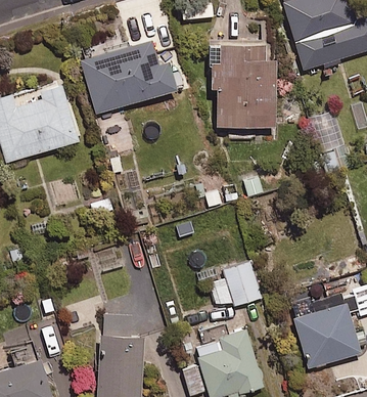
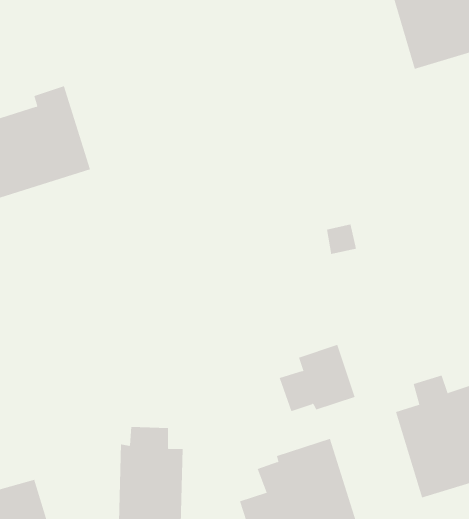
building: [80,38,177,114] -> none
building: [208,40,275,126] -> none

